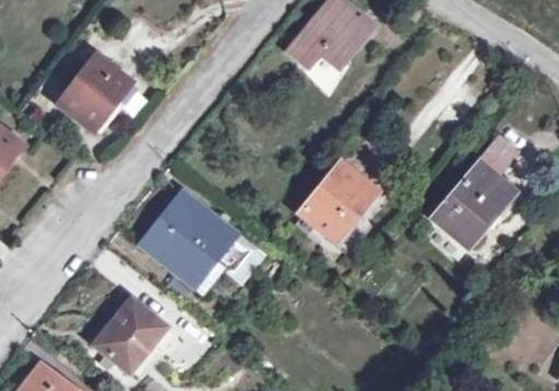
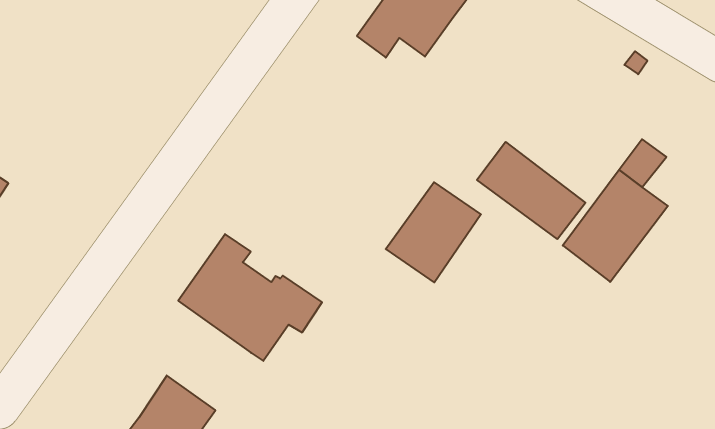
building: [57,58,130,132] -> none
building: none -> [477,142,585,239]

